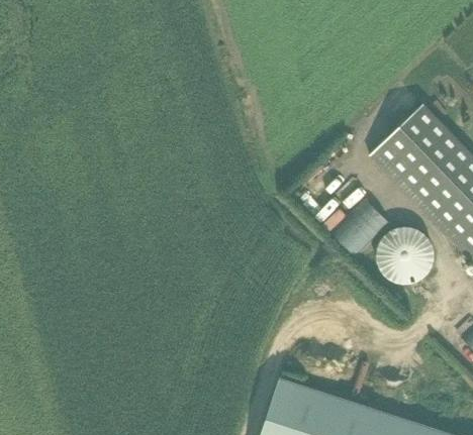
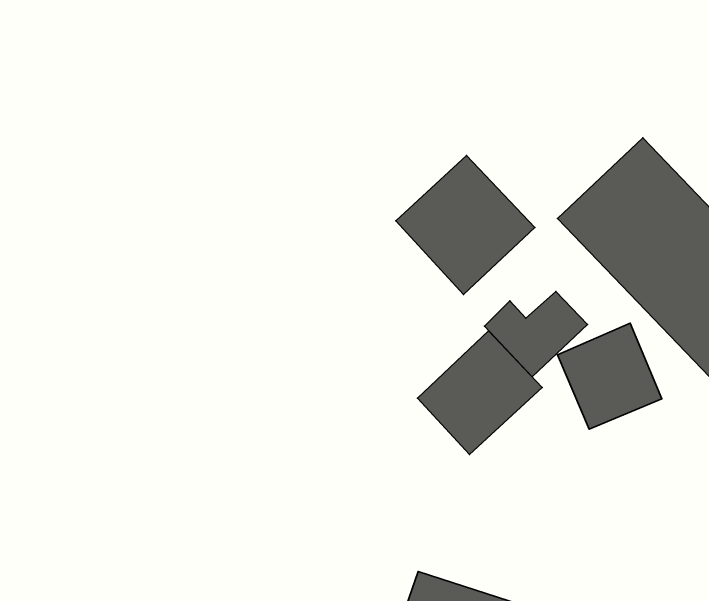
building: none -> [396,155,535,295]
building: none -> [417,331,542,454]

